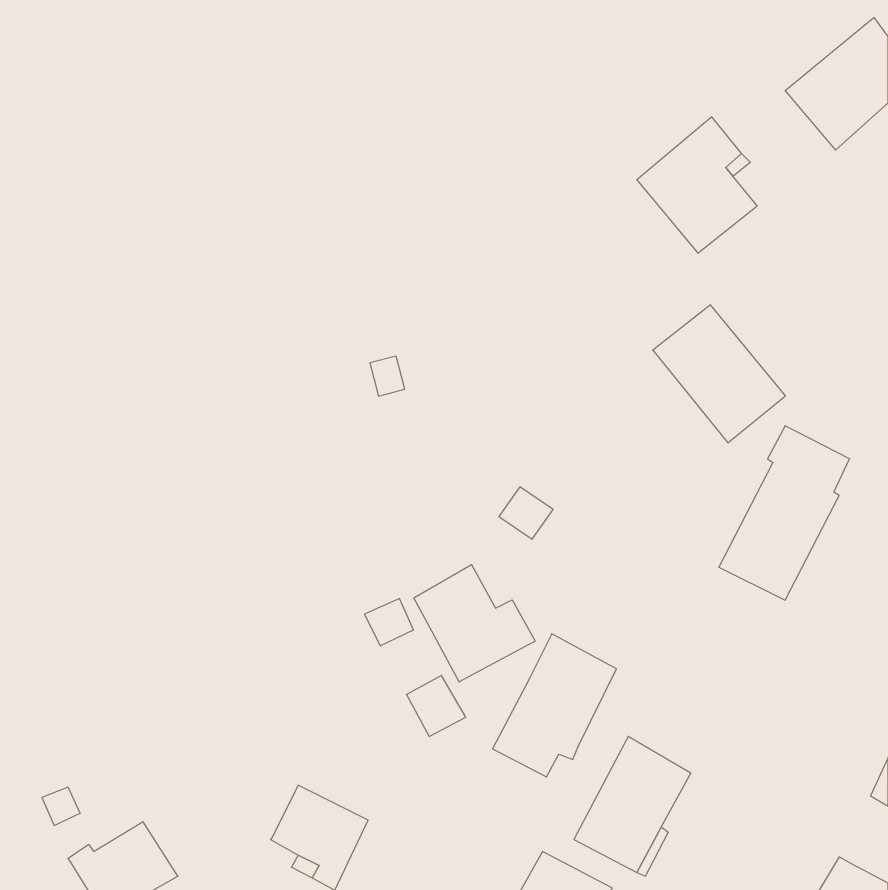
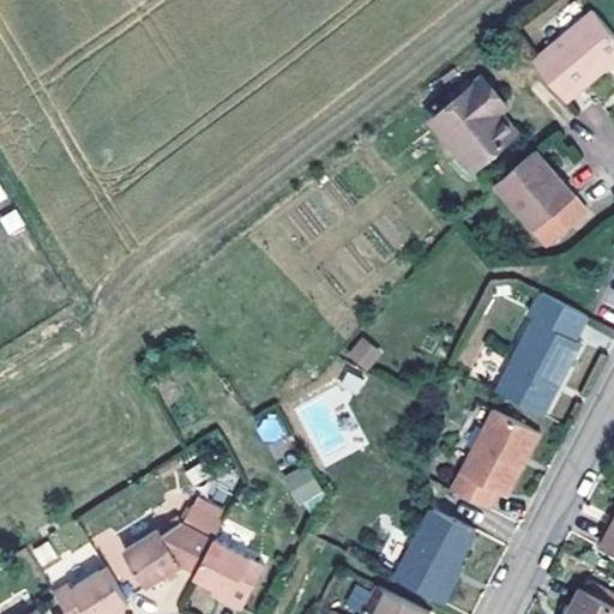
building: [653,305,785,443] -> [504,154,595,248]
building: [414,565,535,682] -> none
building: [493,634,616,777] -> [449,410,534,508]
building: none -> [116,506,215,588]

